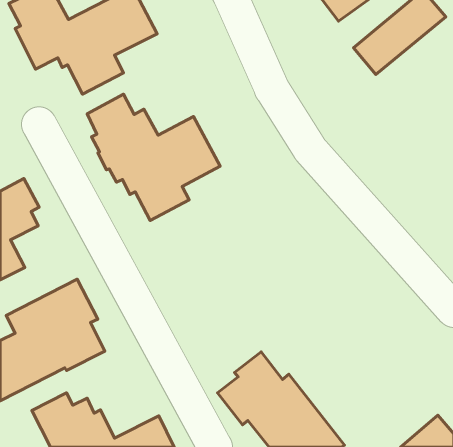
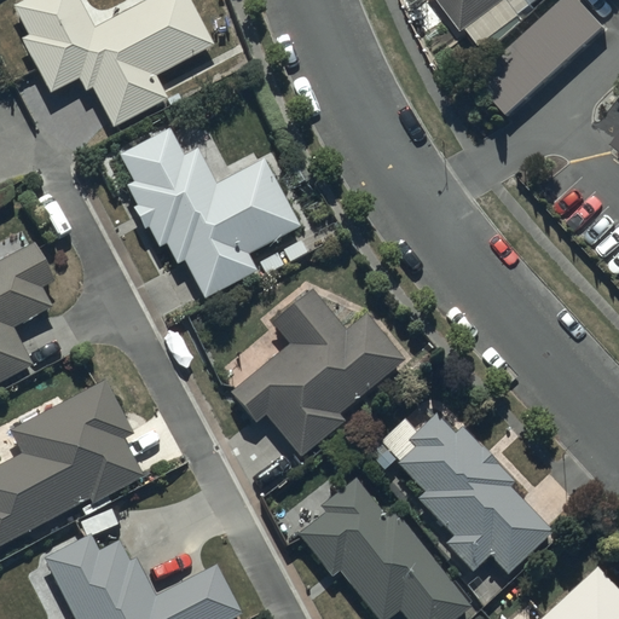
building: none -> [231,289,405,458]
building: none -> [368,413,551,574]

